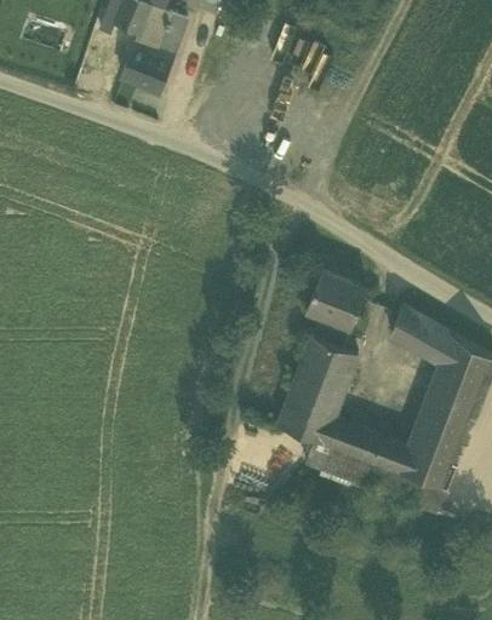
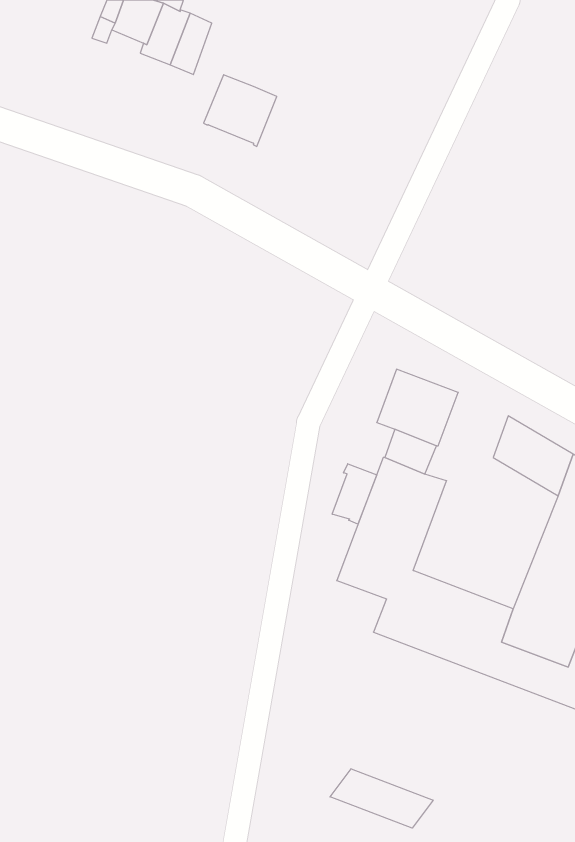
building: [119,41,172,93] -> [204,75,277,146]
building: none -> [332,464,377,524]
building: none -> [330,769,433,828]

